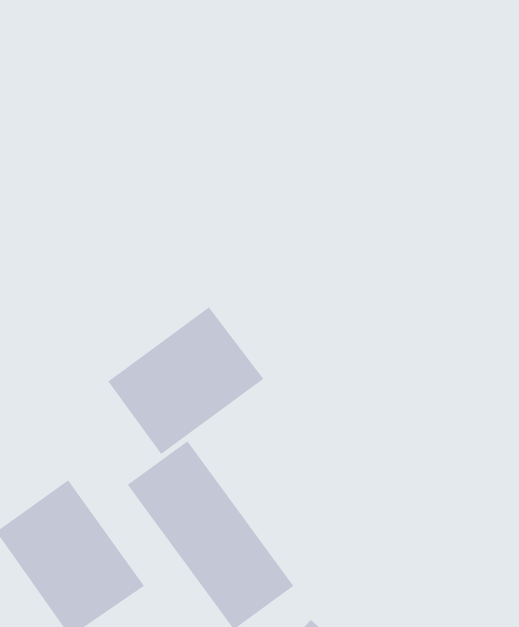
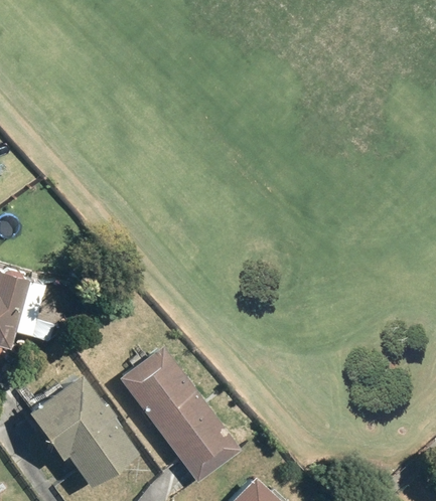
building: [108,307,264,455] -> none

